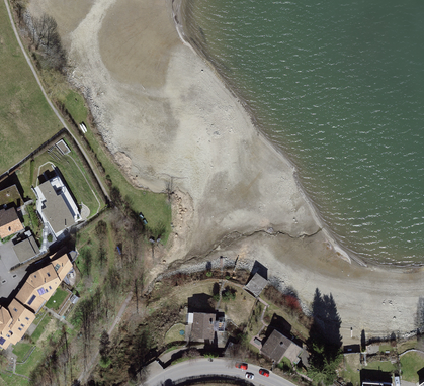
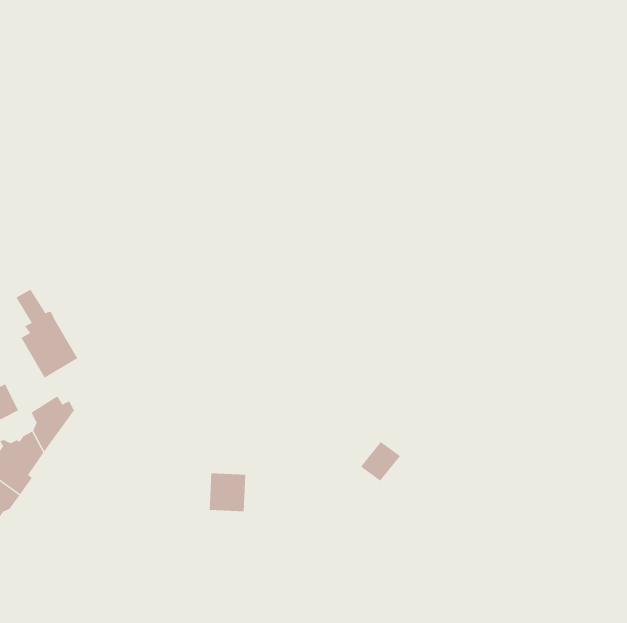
building: [192,314,215,337] -> [209,473,246,512]
building: [258,329,290,362] -> none

